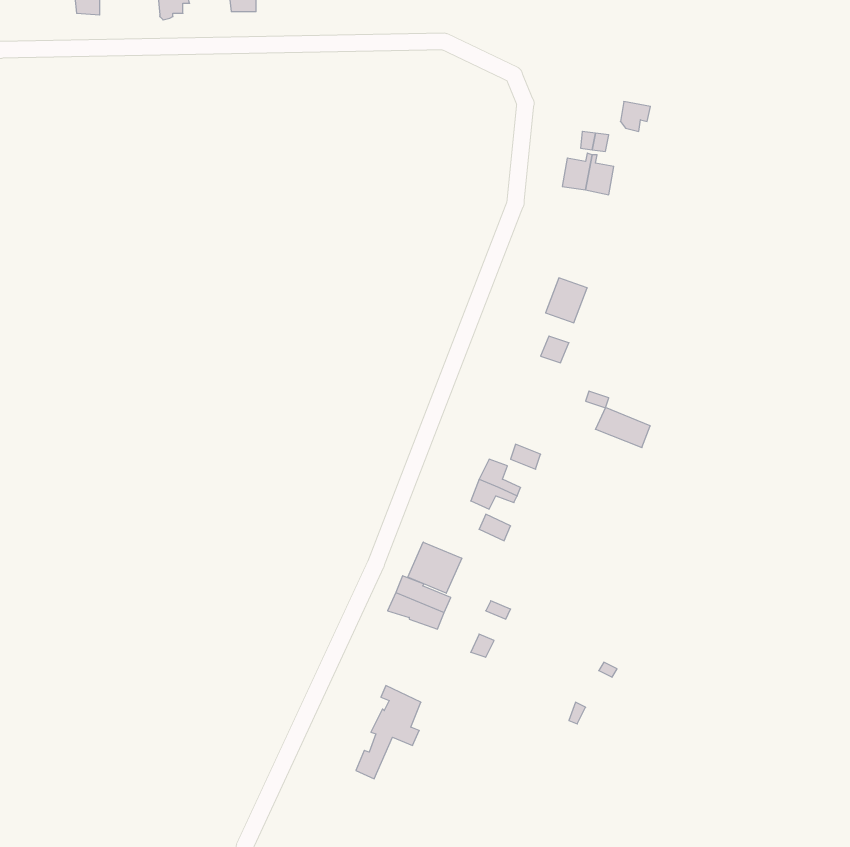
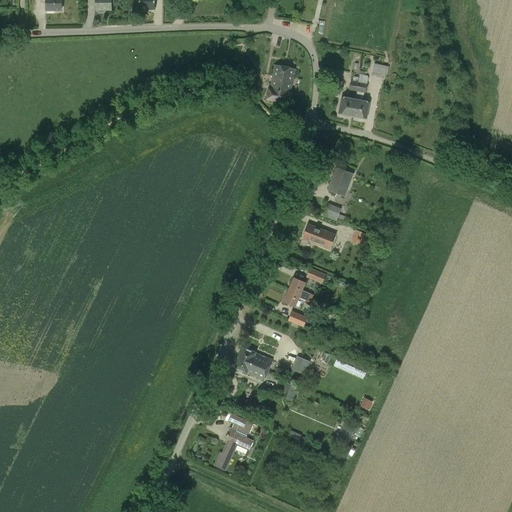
building: none -> [267,64,294,102]
building: [595,408,650,448] -> [302,223,335,247]
building: [408,542,462,593] -> none

